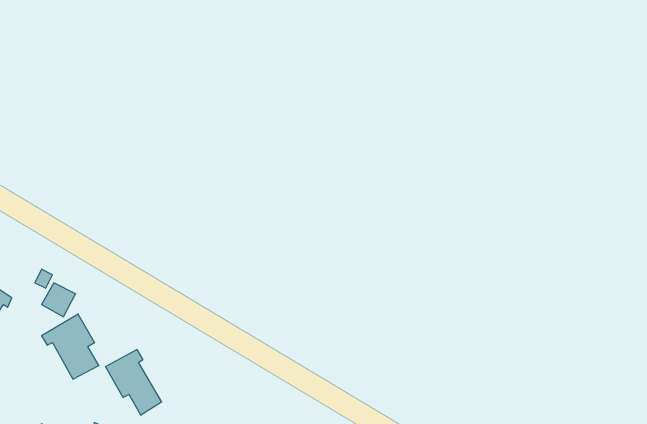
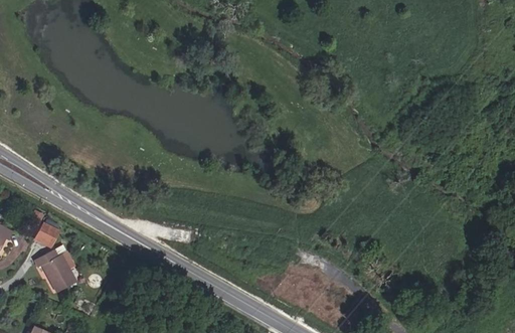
building: [106,350,162,415] -> none

